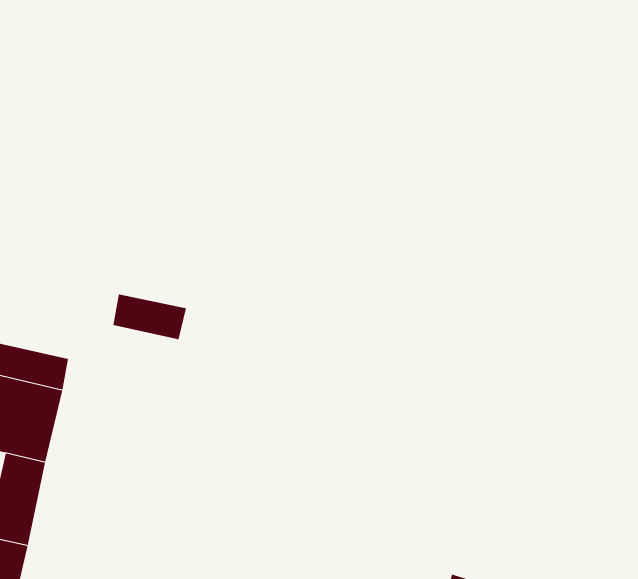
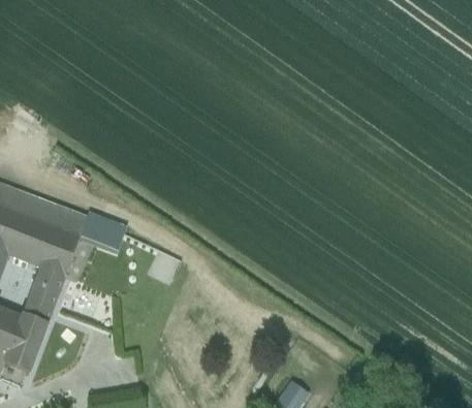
building: [112,294,187,340] -> [78,219,123,251]

